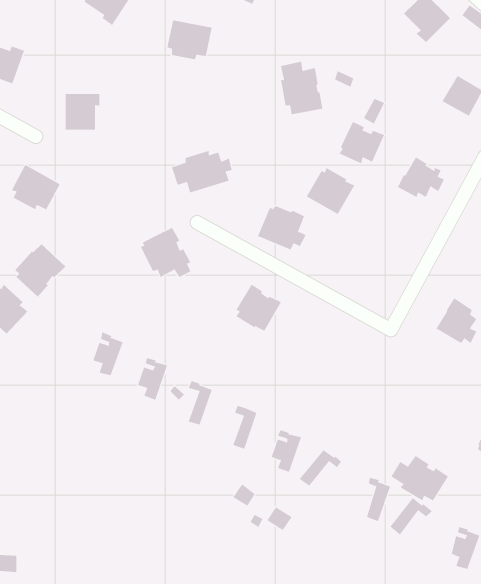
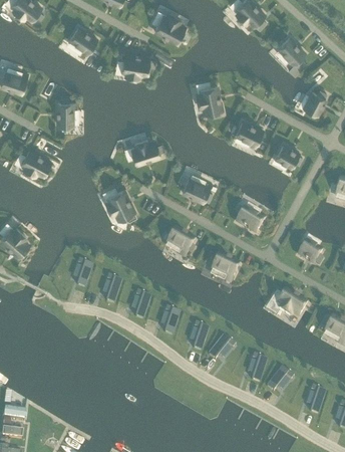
building: [306,167,355,215] -> [234,201,266,232]
building: [14,243,66,297] -> none
building: none -> [210,250,240,279]
building: [391,455,449,501] -> [270,285,308,315]

